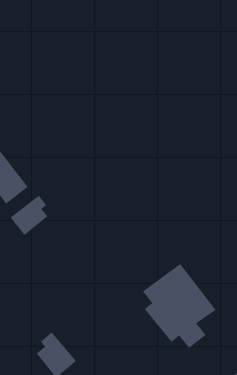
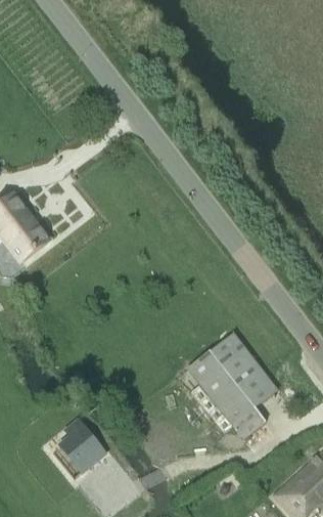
building: [10,195,48,236] -> none

